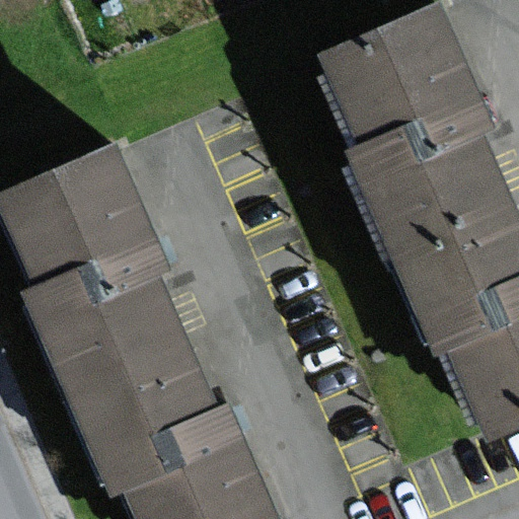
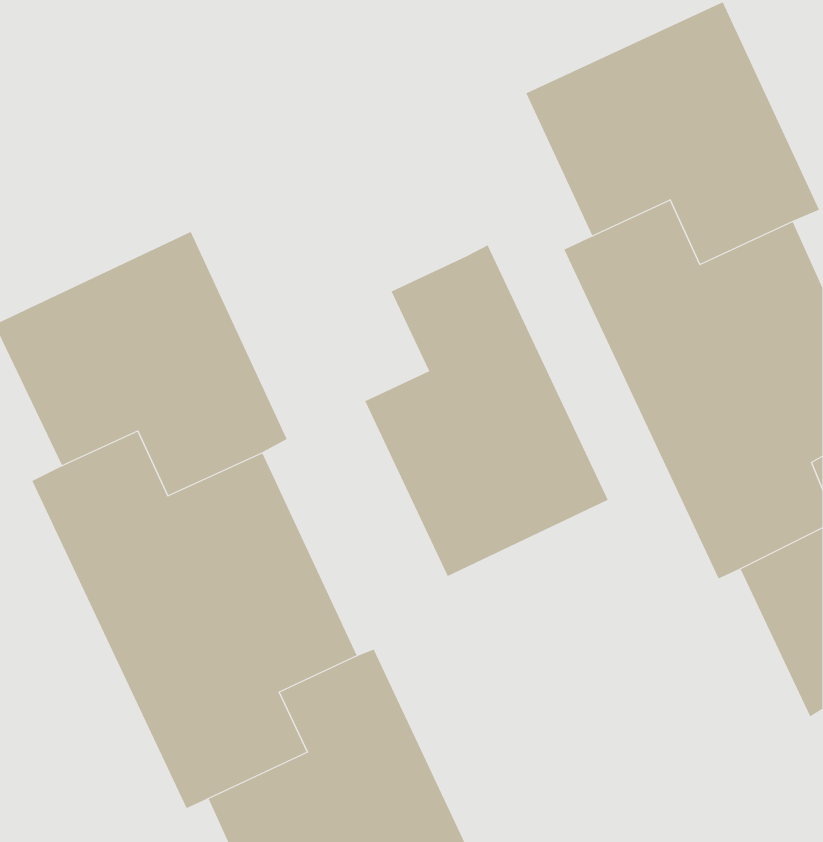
building: none -> [365,245,608,577]

